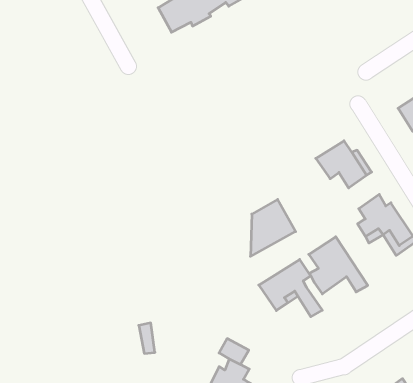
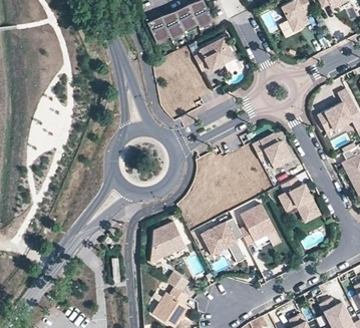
building: none -> [195,38,235,71]
building: [250,199,296,256] -> [149,221,185,261]

